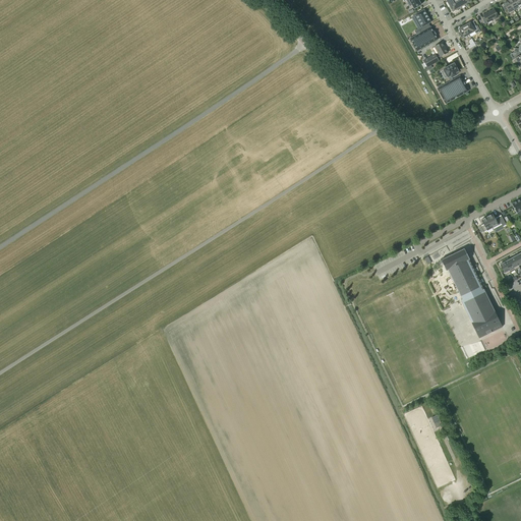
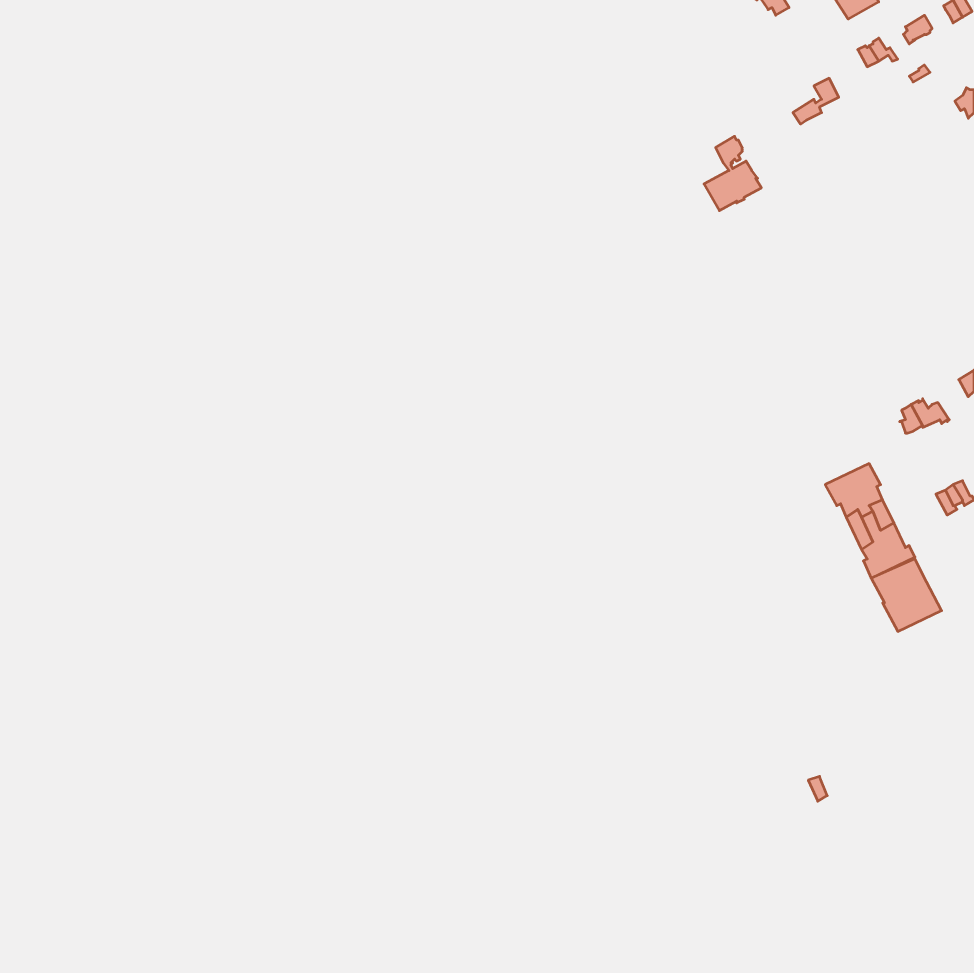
building: [410,9,439,50] -> none
building: [438,62,468,102] -> [704,136,761,211]

